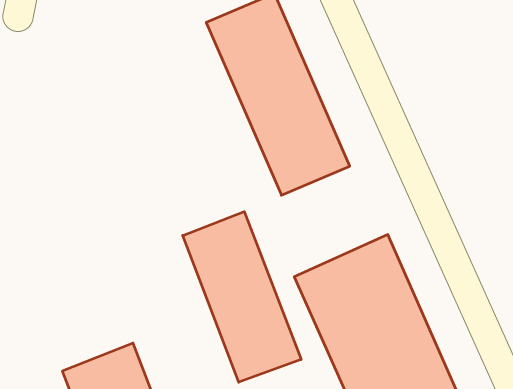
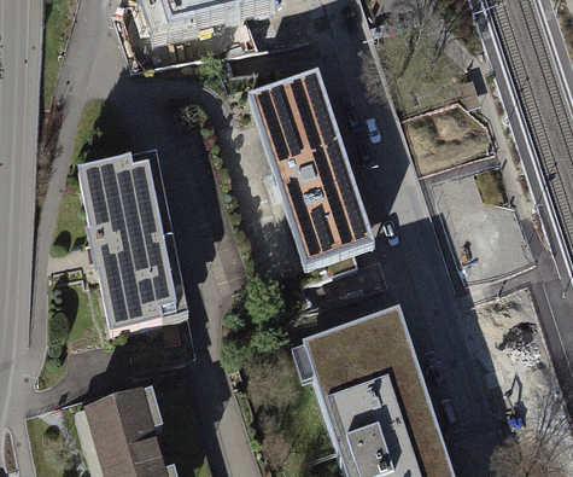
building: none -> [78,151,183,330]
building: [183,212,301,382] -> none

